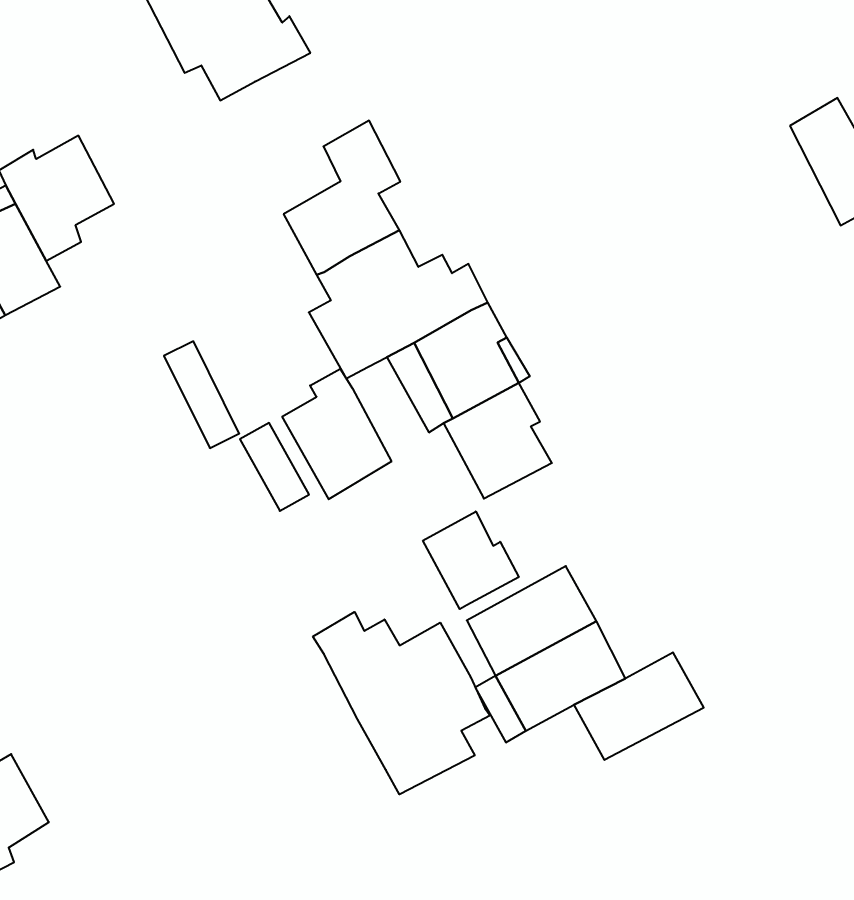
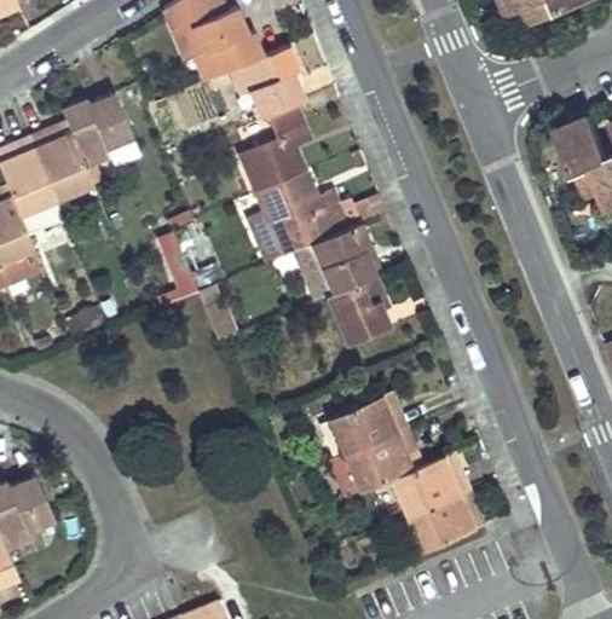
building: none -> [227,45,304,118]
building: [282,369,391,499] -> none
building: [423,511,519,609] -> none
building: [313,612,490,794] -> none
building: none -> [404,488,484,553]

